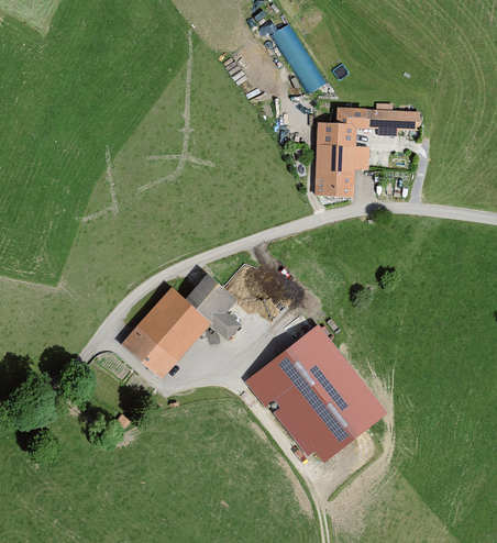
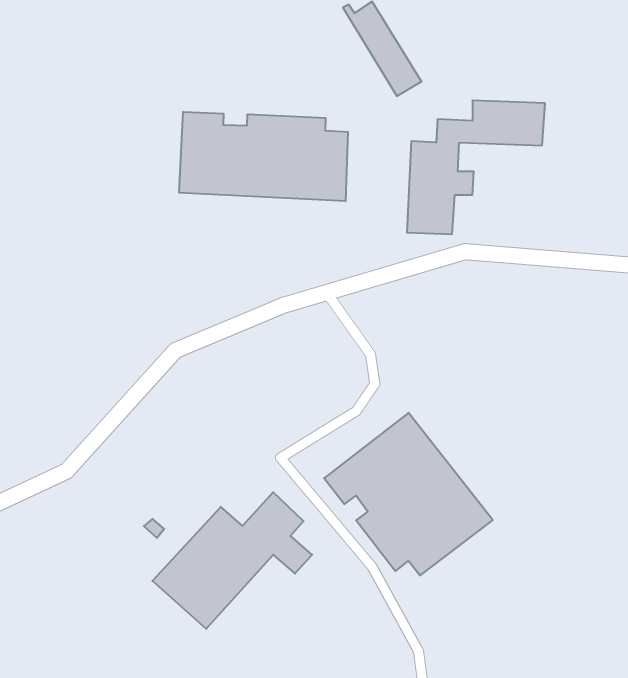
building: none -> [179,112,348,201]
building: [120,276,241,379] -> [152,492,312,629]

